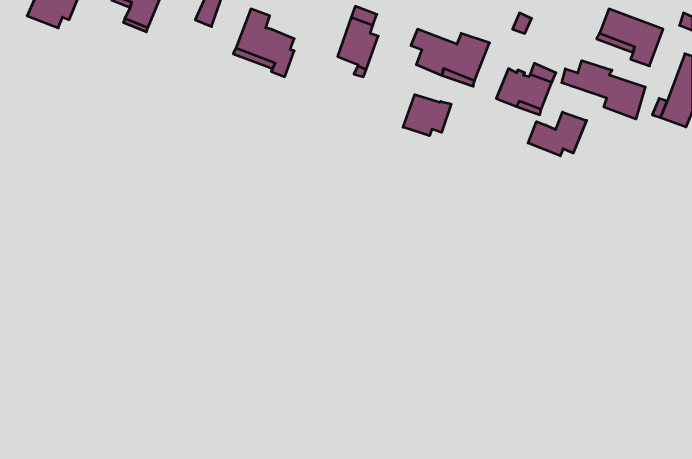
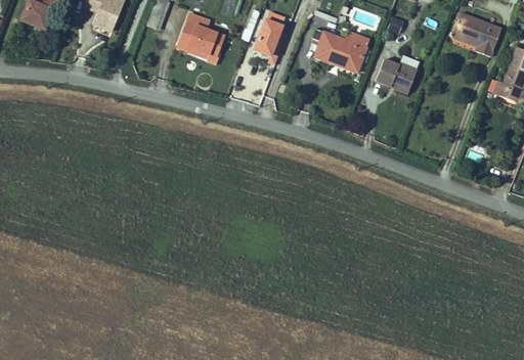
building: [562,61,645,119] -> none
building: [403,95,451,136] -> none
building: [528,112,587,156] -> none

